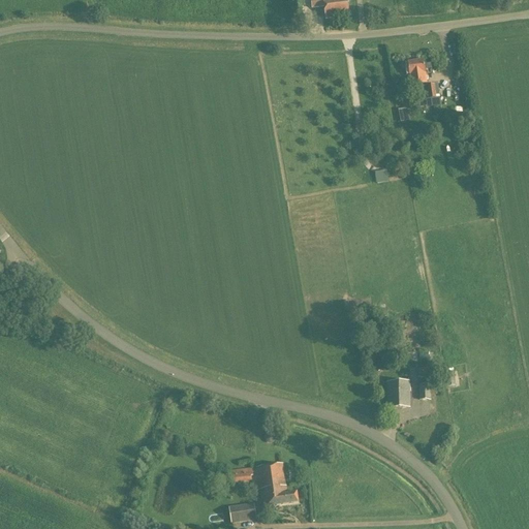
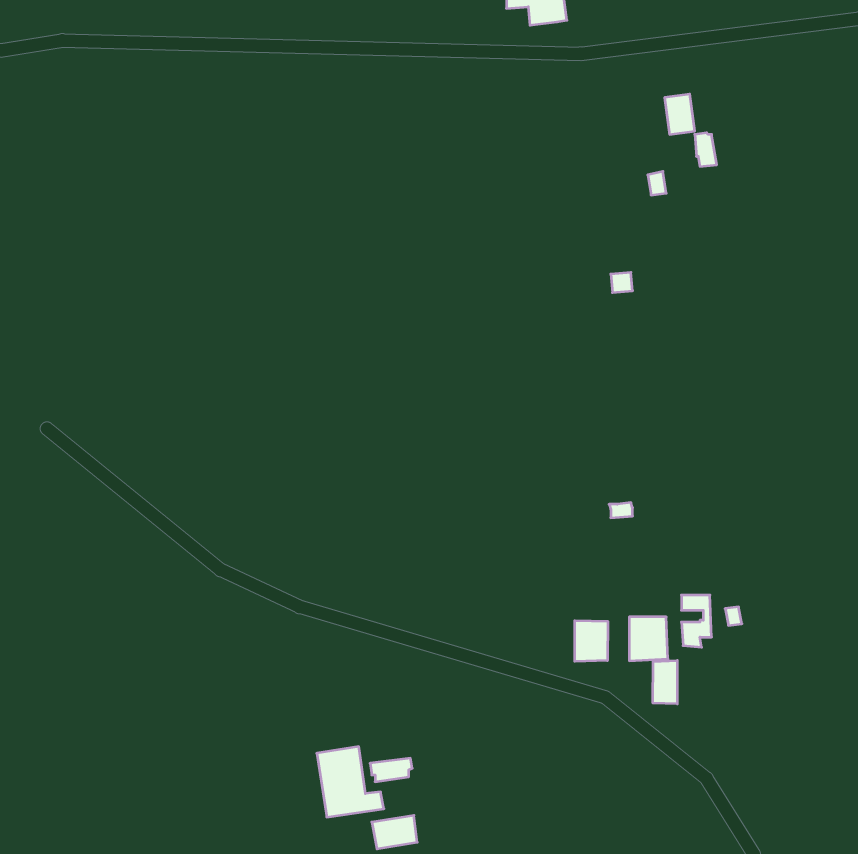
building: none -> [575,621,608,661]
building: none -> [653,660,677,704]
building: [257,462,299,505] -> [317,747,384,817]

